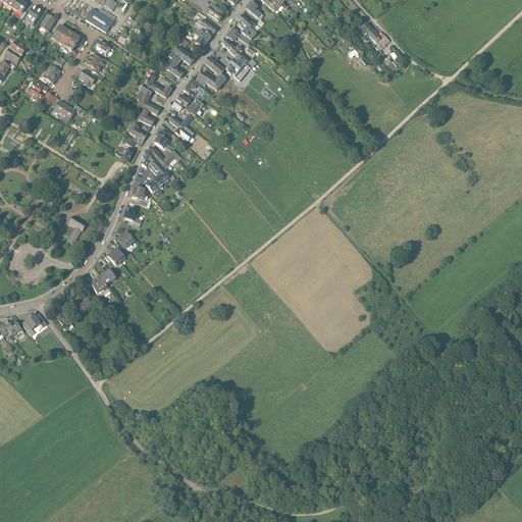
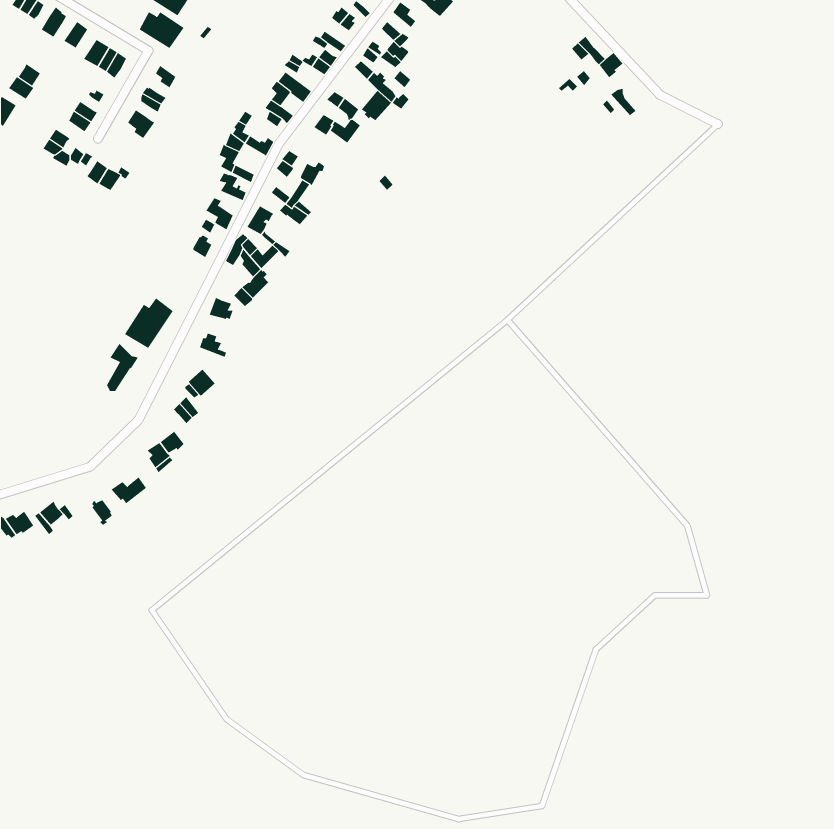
building: none -> [124,297,173,349]

